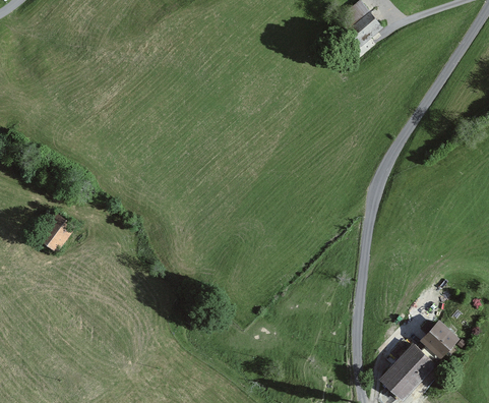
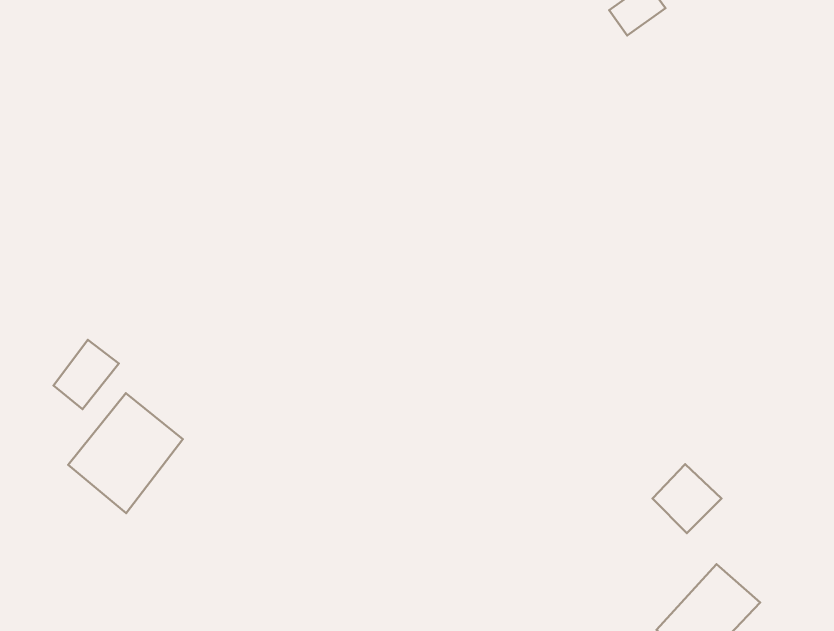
building: none -> [68,393,183,513]
building: [421,321,460,359] -> [652,464,722,533]

